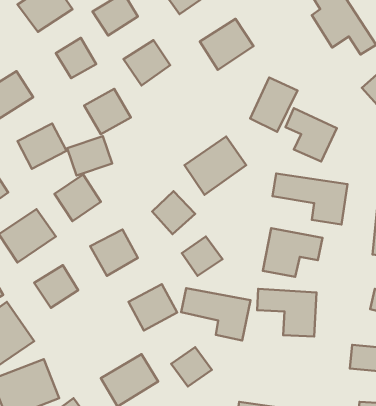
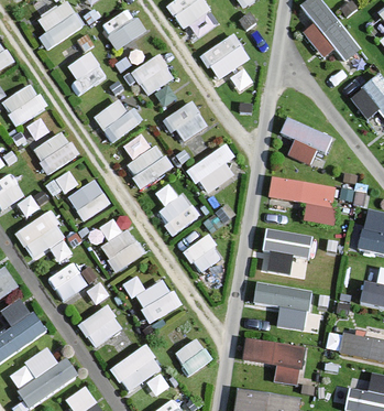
building: [250,77,297,132] -> none
building: none -> [164,101,209,145]
building: [67,136,112,175] -> [128,148,169,184]
building: [181,288,250,341] -> [242,337,306,386]
building: none -> [79,306,123,347]

